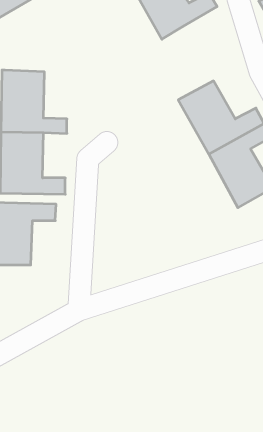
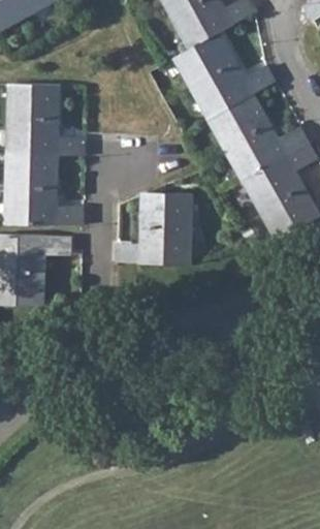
building: none -> [175,33,274,117]
building: none -> [115,193,191,263]

